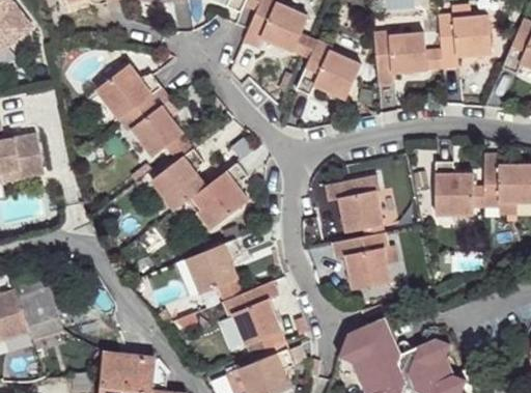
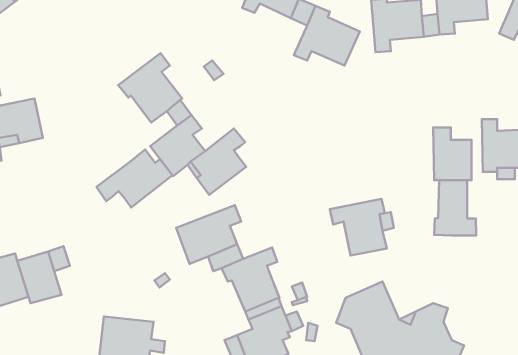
building: [96,64,162,119] -> none
building: [325,174,383,232] -> none
building: none -> [97,149,172,207]
building: none -> [434,180,476,236]

